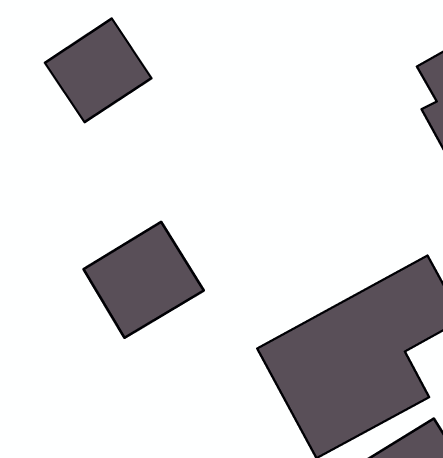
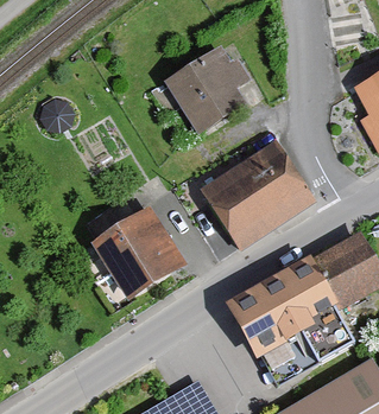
building: [45,19,152,122] -> [169,50,252,130]
building: none -> [198,134,312,242]

